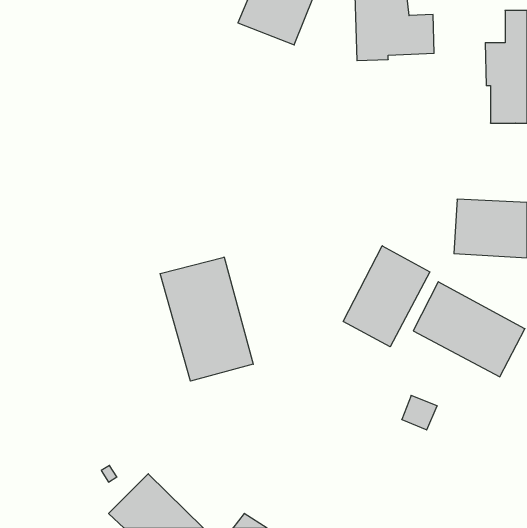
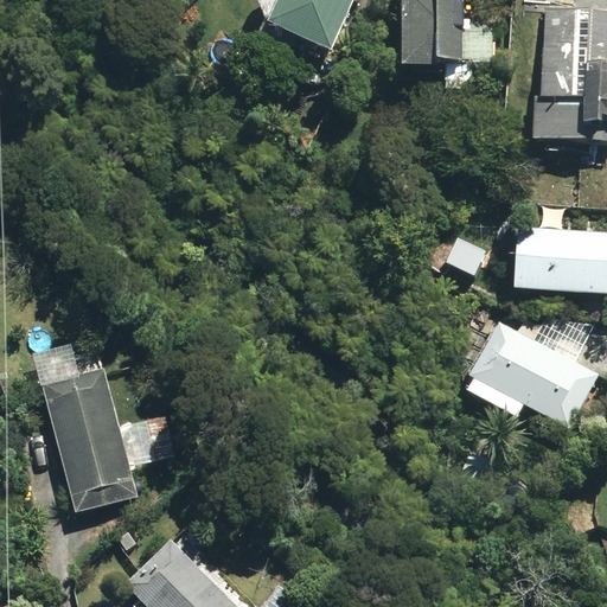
building: [343,246,430,347] -> none
building: [160,257,253,381] -> none
building: none -> [40,366,172,513]

